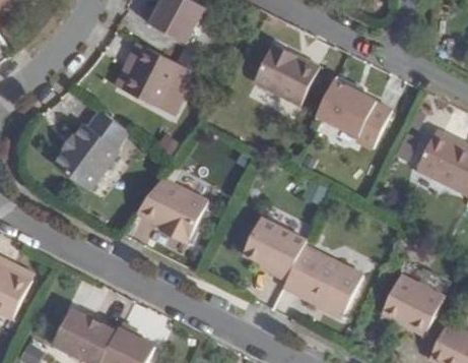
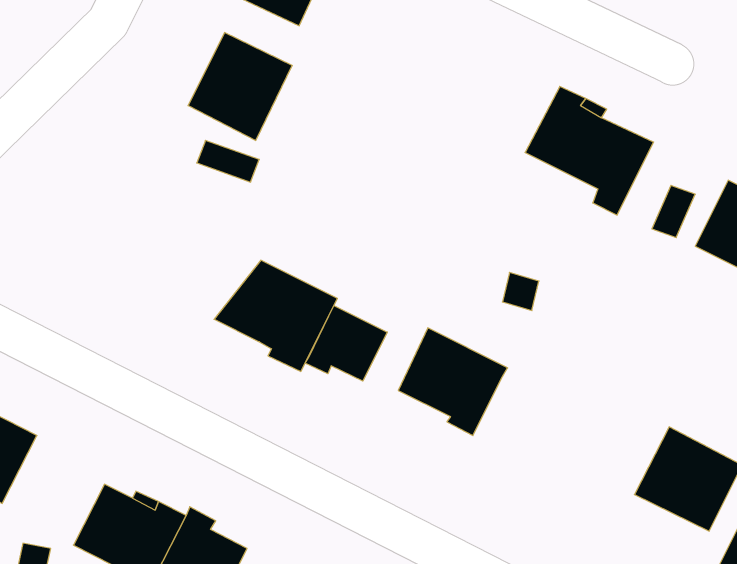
building: [254,44,320,106] -> none
building: [54,110,129,191] -> none
building: none -> [305,305,387,381]
building: [283,246,362,317] -> none

